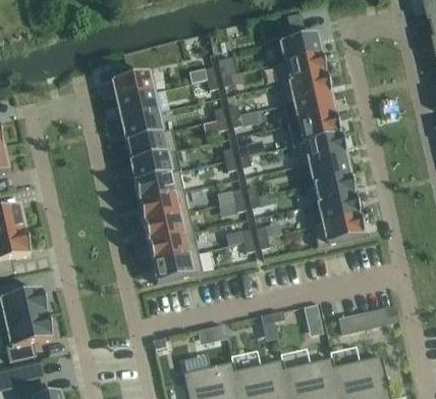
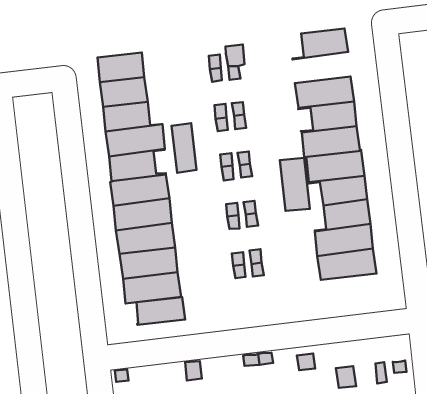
building: [275,52,325,83] -> none
building: none -> [172,123,197,173]
building: none -> [280,158,310,211]
building: none -> [136,297,185,325]

